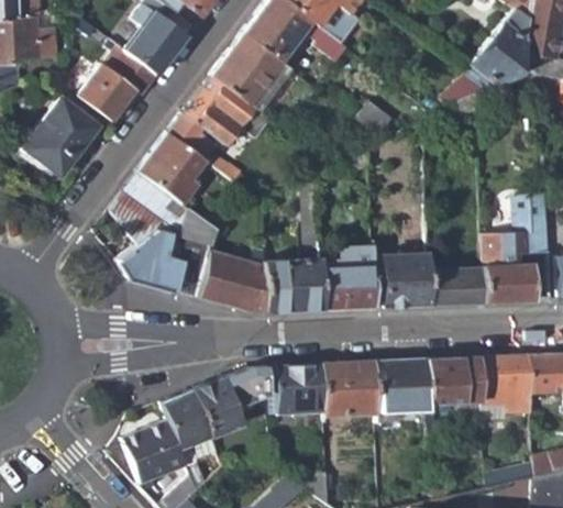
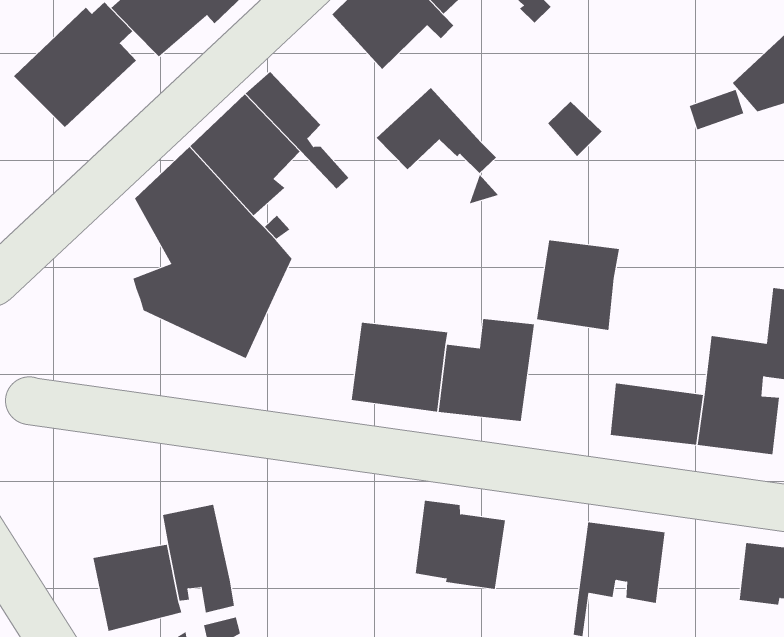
building: [186,75,263,129] -> [376,87,497,174]
building: [199,249,268,312] -> none
building: [385,253,432,306] -> [536,240,620,330]
building: [483,356,530,408] -> none
building: [377,361,430,412] -> none
building: [277,365,327,423] -> none
building: [195,372,260,435] -> none

